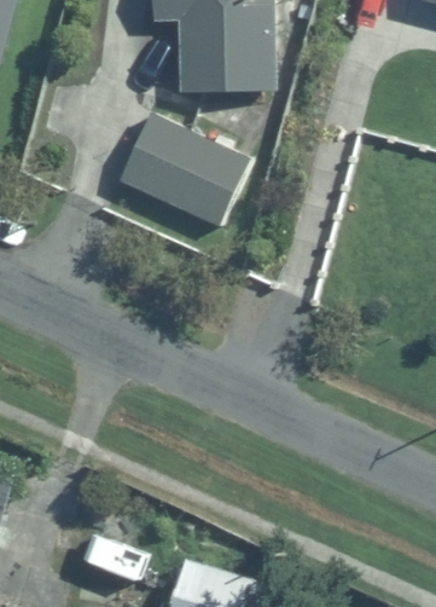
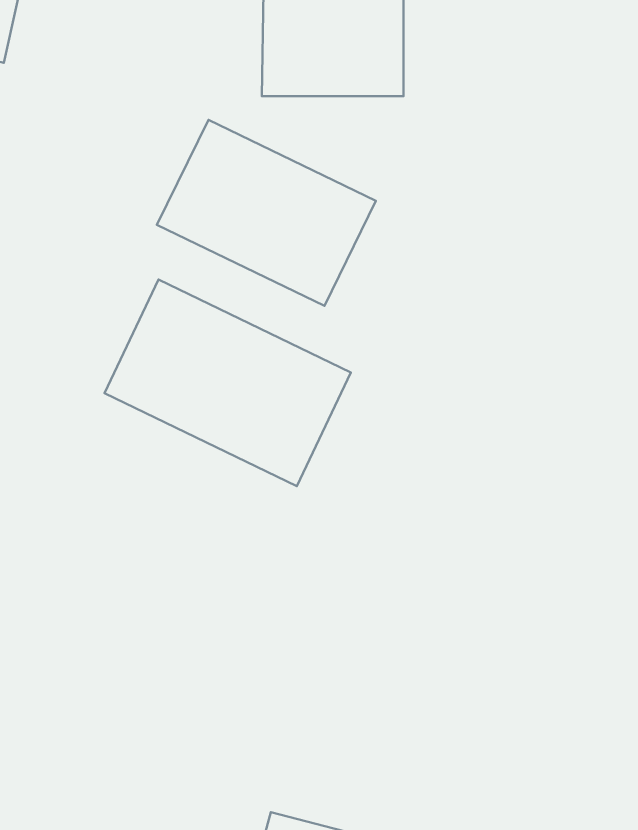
building: none -> [105,280,351,486]

